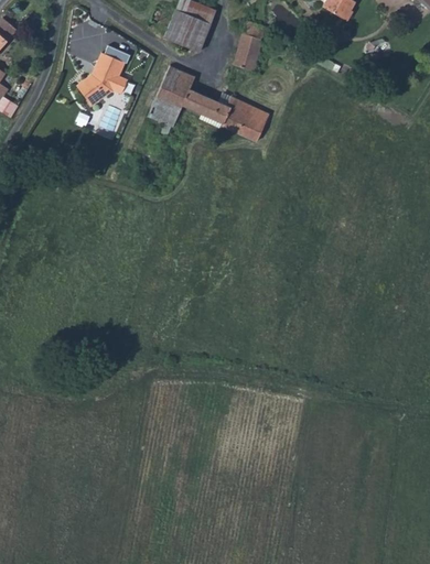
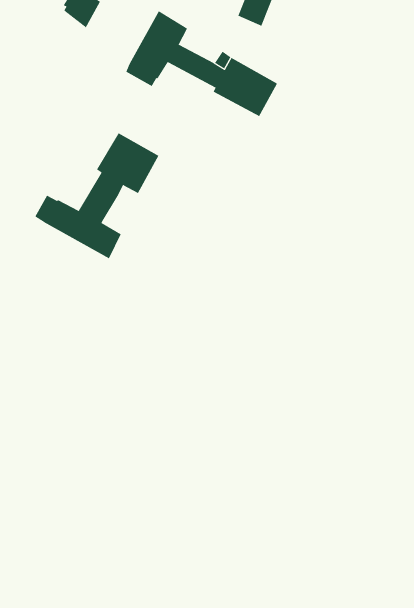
building: [76,70,114,104] -> none
building: none -> [35,132,159,259]

